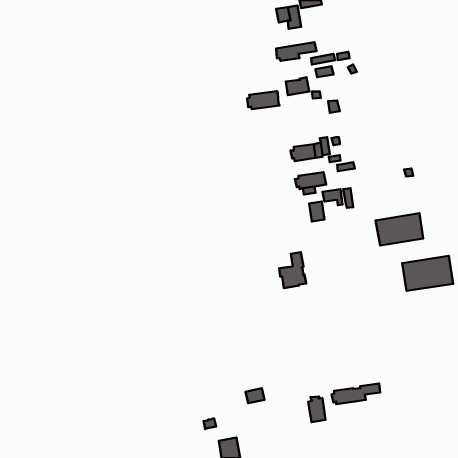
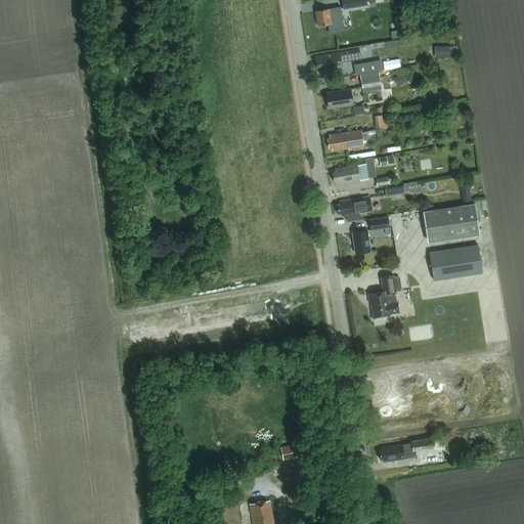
building: [247,91,280,109] -> [326,130,363,150]
building: [279,252,306,288] -> [368,275,399,316]
building: [402,256,453,291] -> [424,202,482,242]
building: [308,396,325,422] -> none

